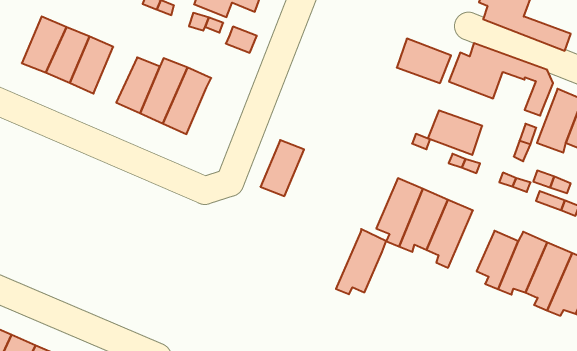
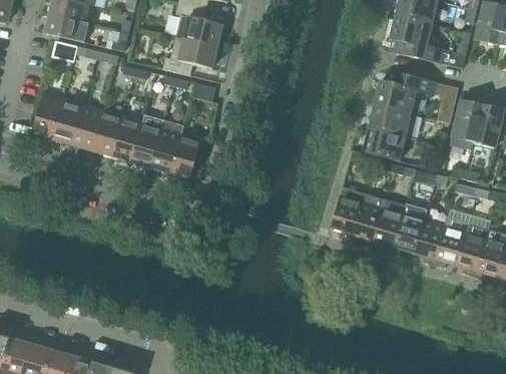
building: [397,39,451,83] -> [369,104,411,136]
building: none -> [92,110,123,154]
building: [260,140,304,196] -> [170,133,201,177]
building: [336,229,386,294] -> [392,203,427,256]

